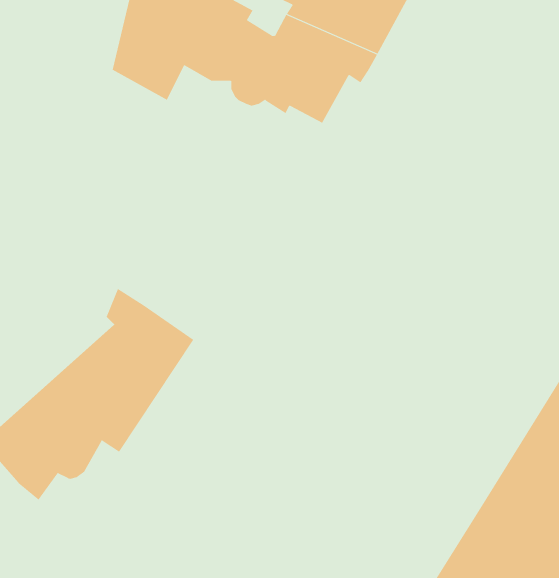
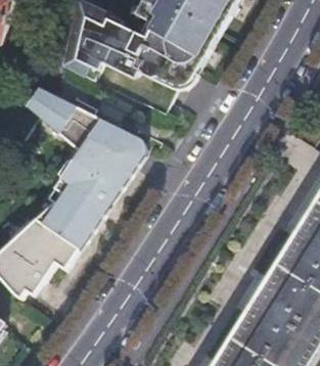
building: none -> [22,83,143,205]

